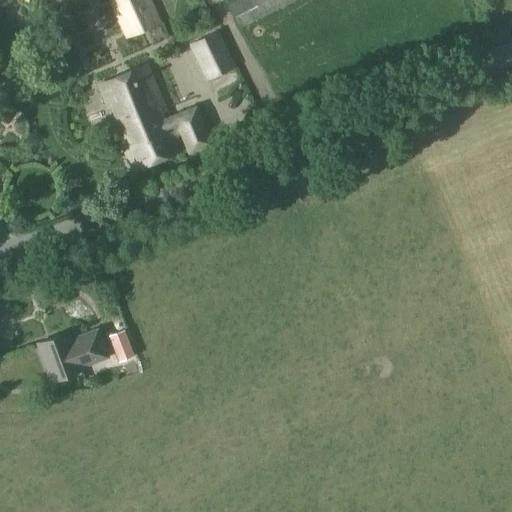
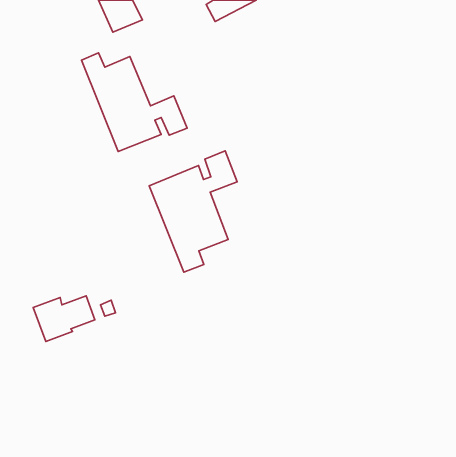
building: [192,31,235,79] -> none
building: none -> [149,151,237,272]

